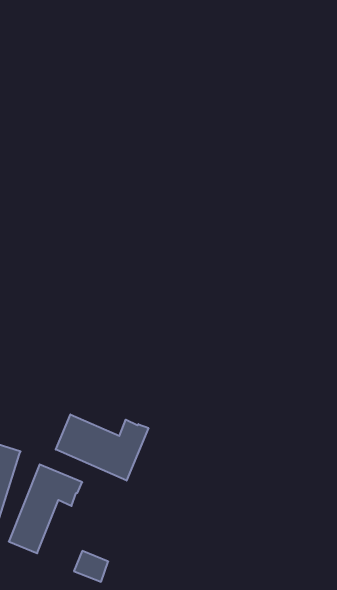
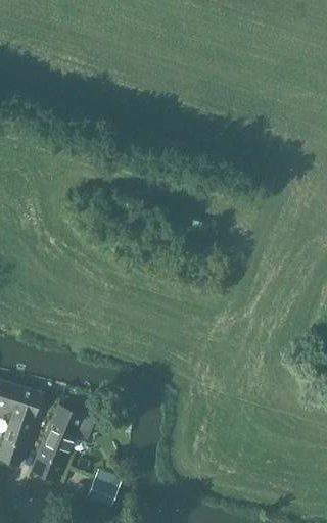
building: [56,414,148,481] -> none

